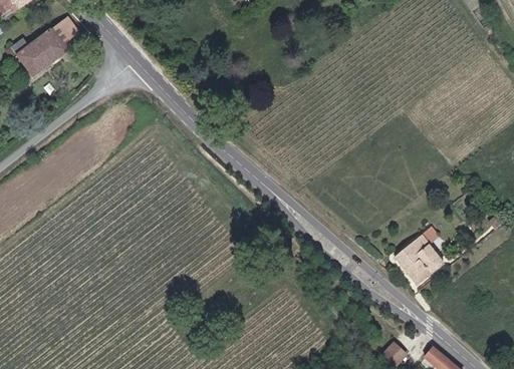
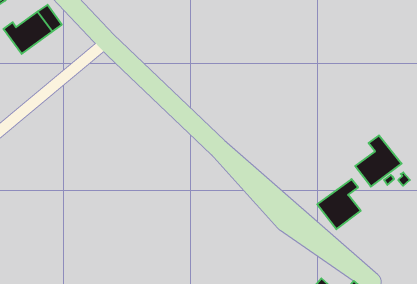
building: none -> [355,135,402,187]

